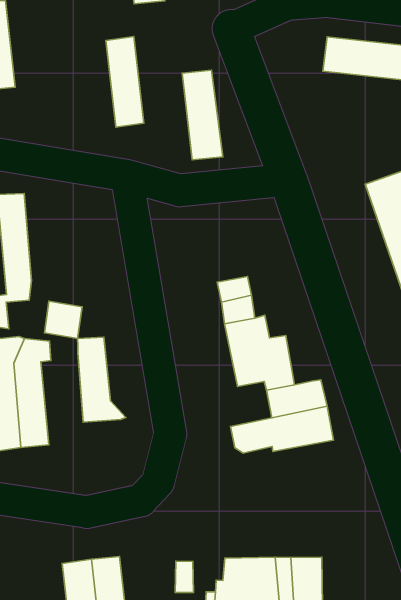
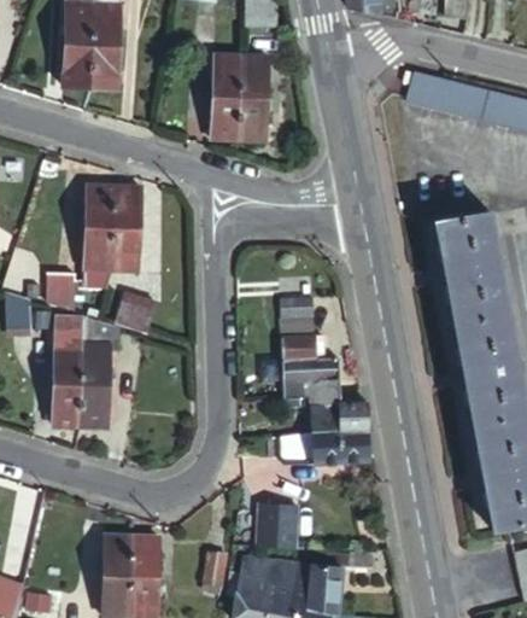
building: [182,70,223,160] -> [236,56,267,139]
building: none -> [111,187,140,270]
building: [78,337,126,422] -> none
building: none -> [256,494,297,537]

